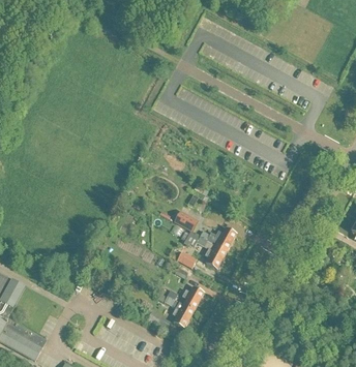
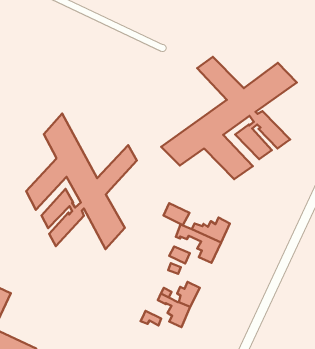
building: none -> [161,57,297,179]
building: none -> [26,114,137,249]

